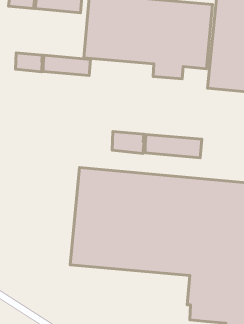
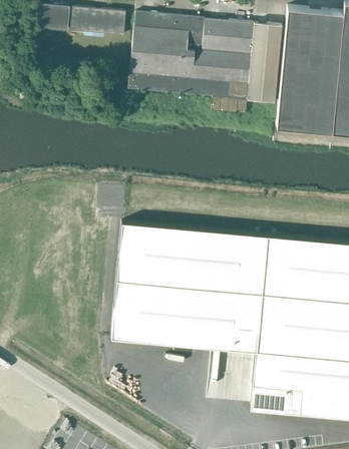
building: [15,53,91,75] -> none
building: [112,132,202,158] -> none

